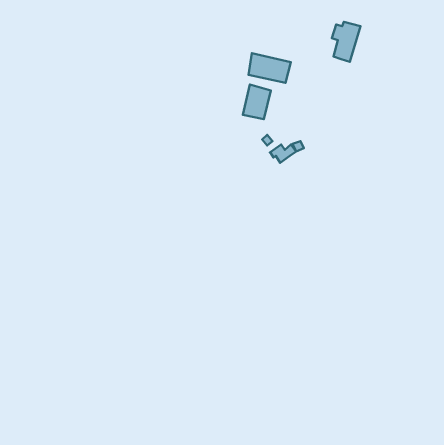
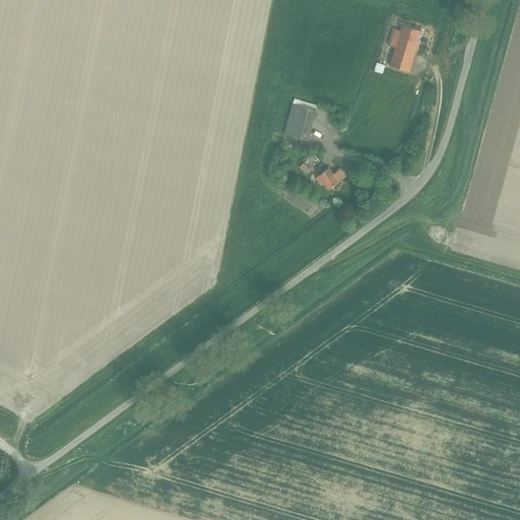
building: [248,53,291,83] -> none

